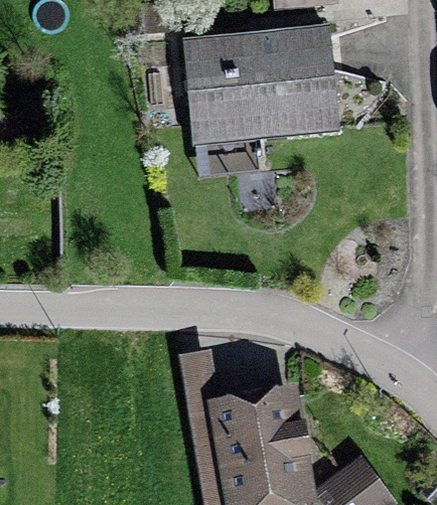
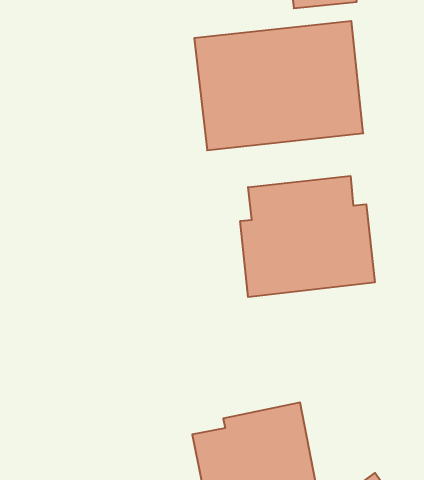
building: none -> [240,176,375,297]

